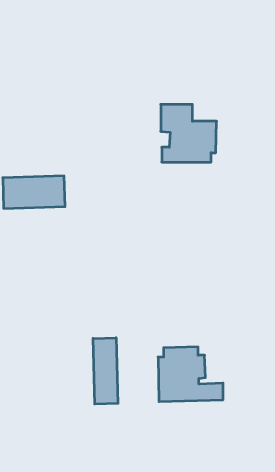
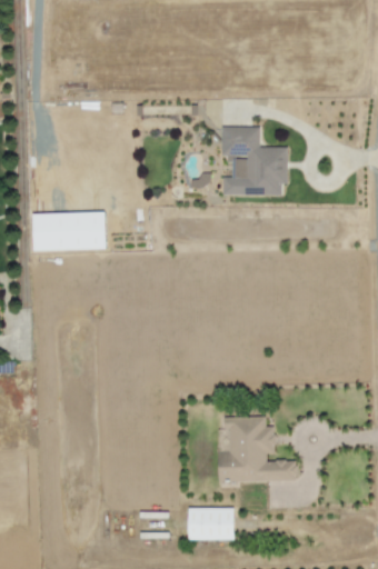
building: [93,338,118,404] -> none
building: none -> [188,507,233,539]

